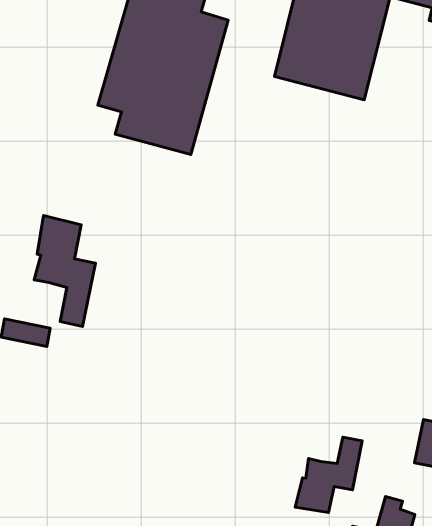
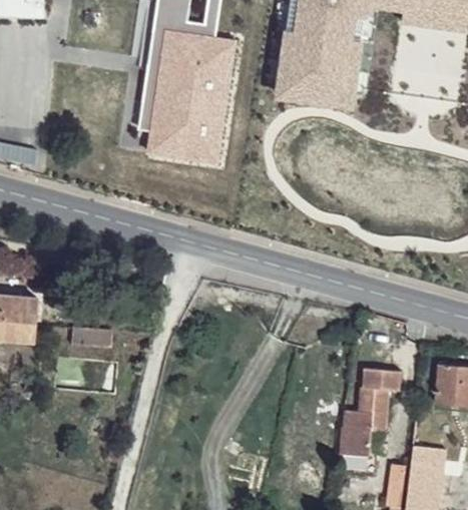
building: [34,215,96,326] -> none
building: none -> [359,370,403,413]

